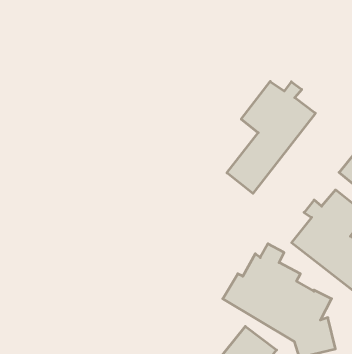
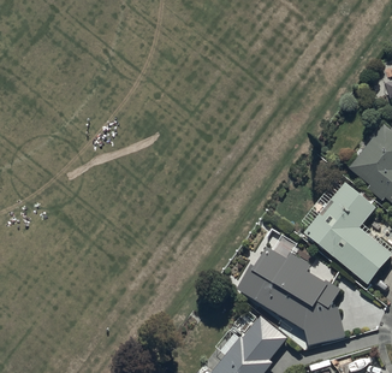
building: [227,81,315,193] -> none

